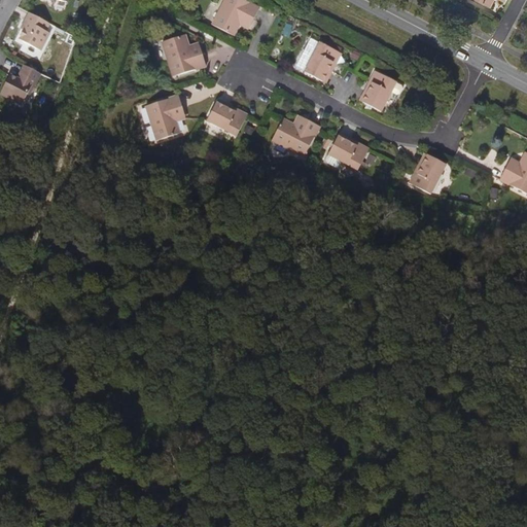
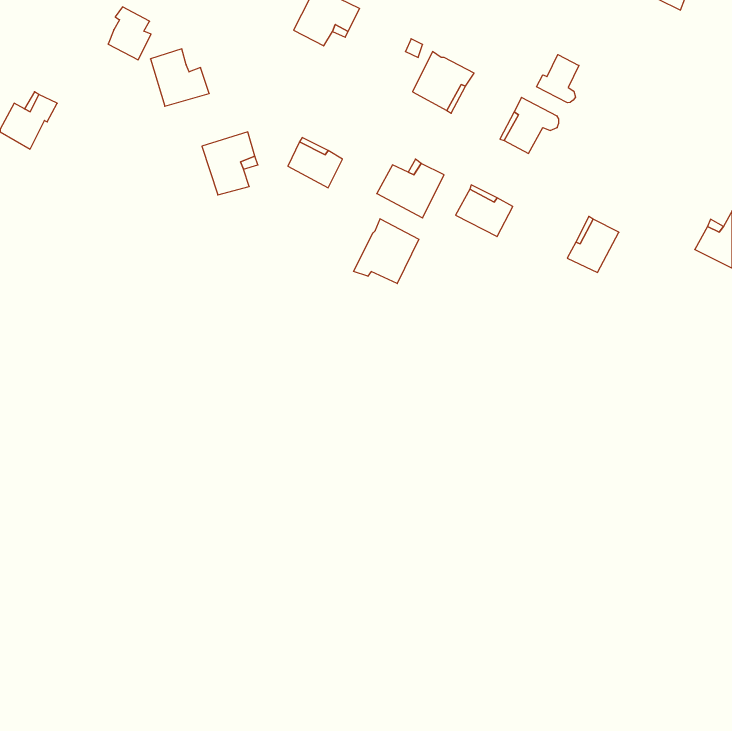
building: [20,13,50,51] -> [108,7,151,60]
building: [163,34,205,75] -> [150,49,209,106]
building: none -> [537,55,579,103]
building: none -> [354,219,419,284]

